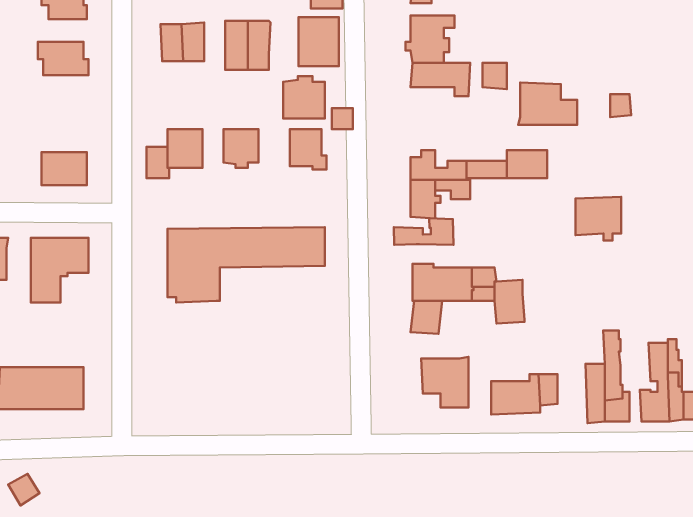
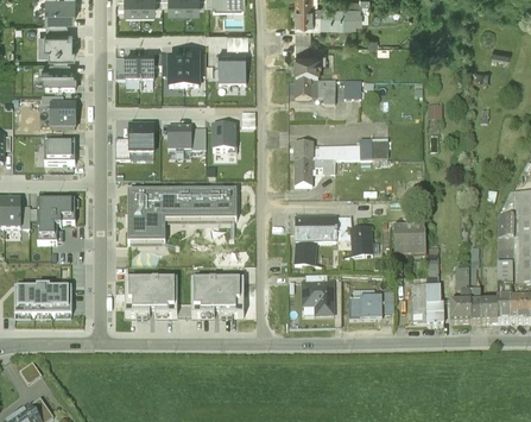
building: [283,76,325,118] -> none
building: [518,83,577,125] -> none
building: none -> [51,105,76,127]
building: [576,197,621,240] -> [394,227,425,257]
building: [394,218,453,245] -> none
building: none -> [125,279,177,316]
building: none -> [191,279,244,316]

